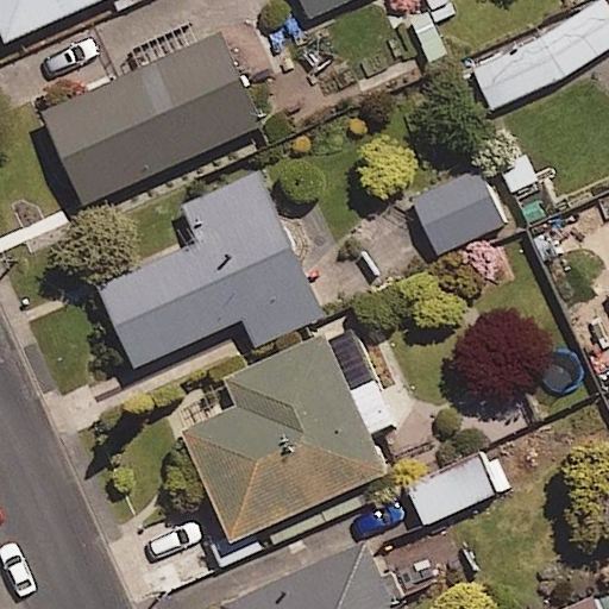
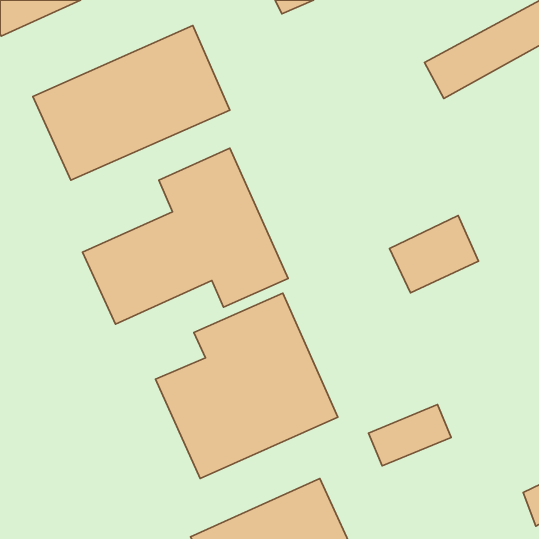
building: [410,171,510,258] -> [389,216,478,293]

